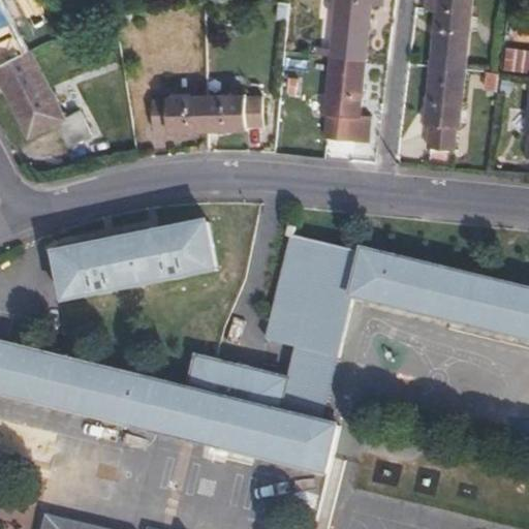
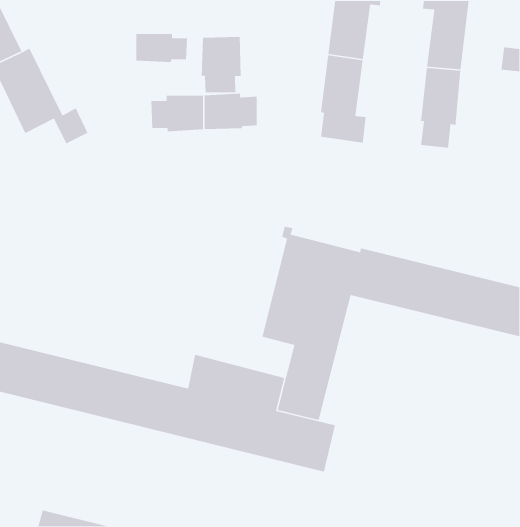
building: none -> [135,33,188,63]
building: none -> [201,36,241,93]
building: [55,223,213,301] -> none

